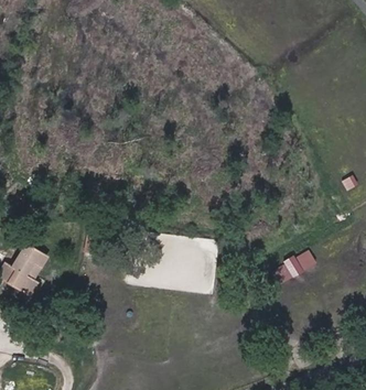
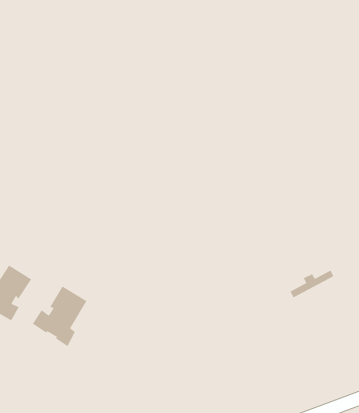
building: none -> [32,285,87,347]

